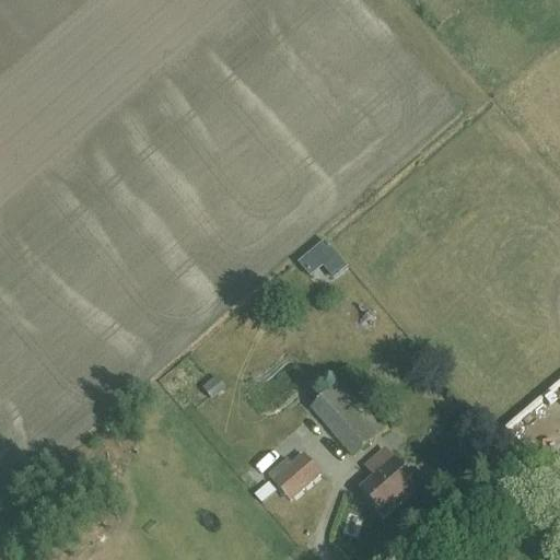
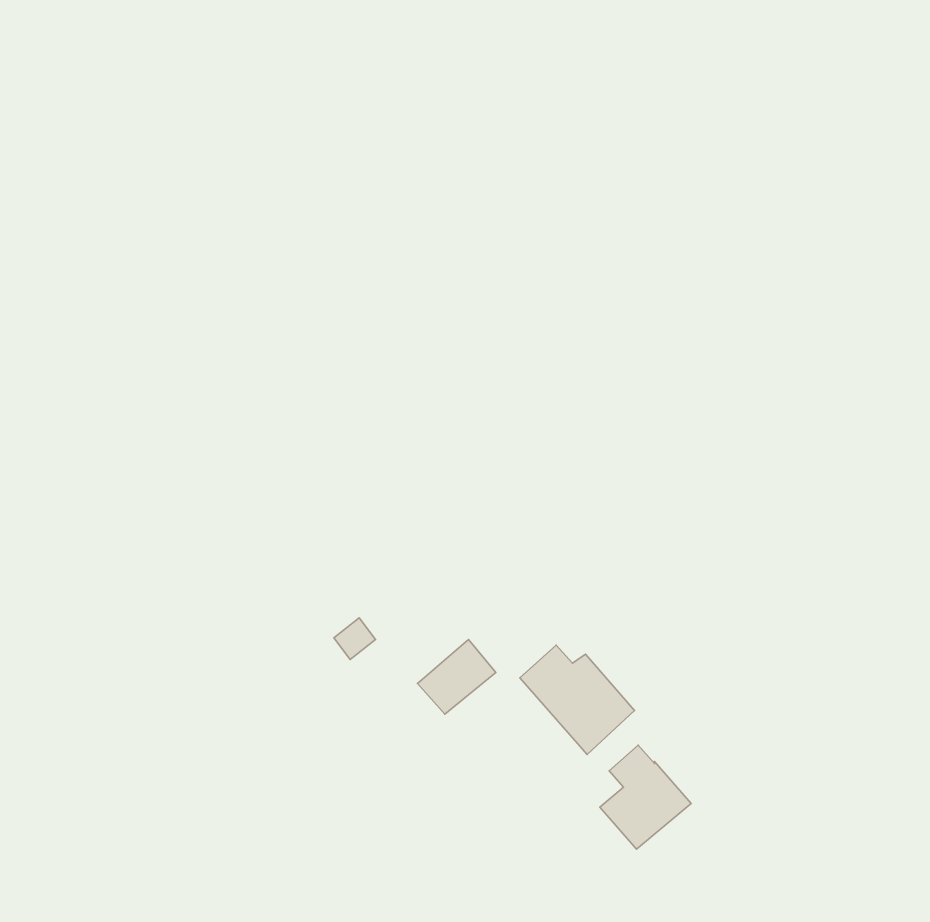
building: [298,236,346,273] -> none
building: [272,451,319,495] -> [417,640,496,714]

